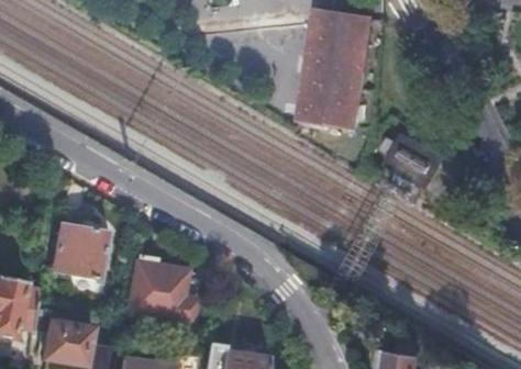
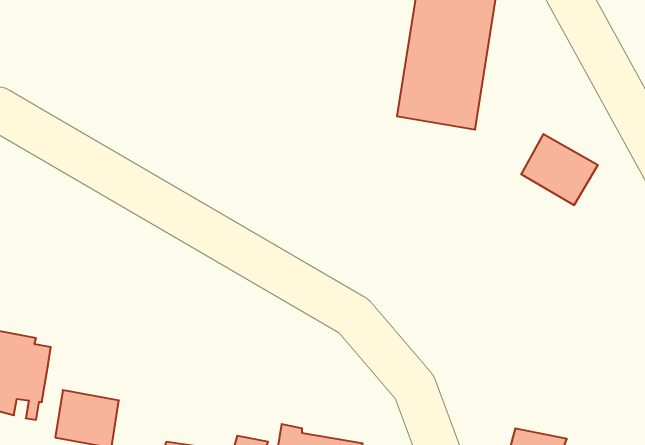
building: [56,223,110,278] -> none
building: [130,257,197,324] -> none

